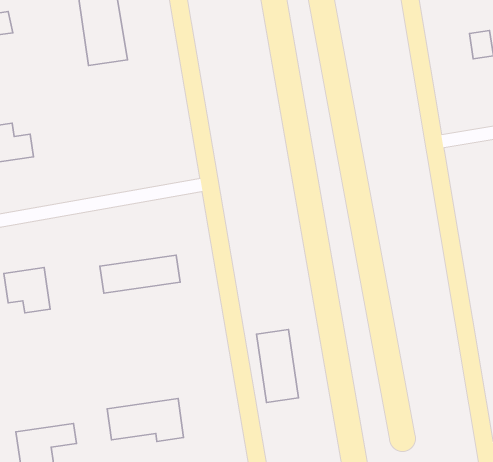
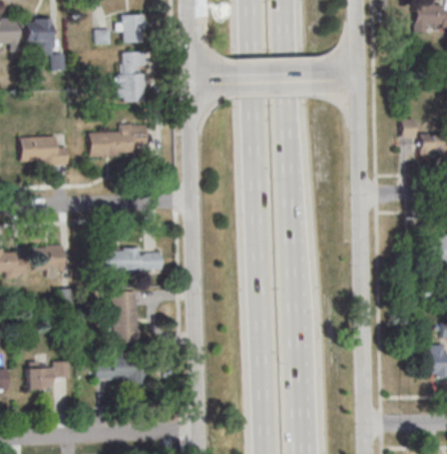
building: none -> [89,124,148,156]
building: [256,329,298,402] -> [114,292,138,343]

